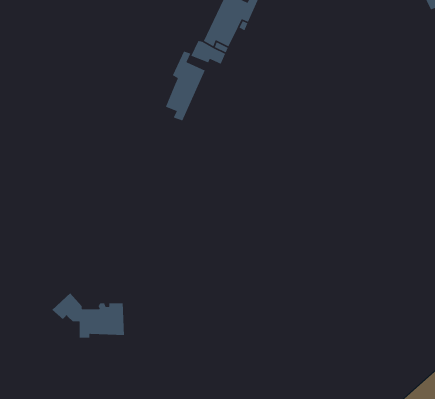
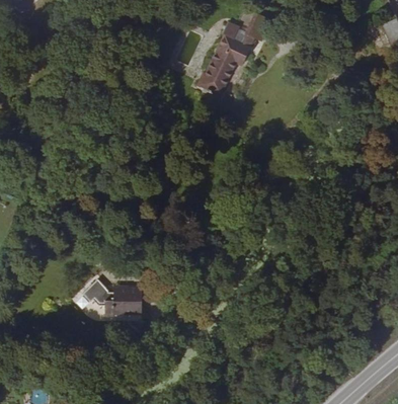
building: [165,50,206,121] -> none

